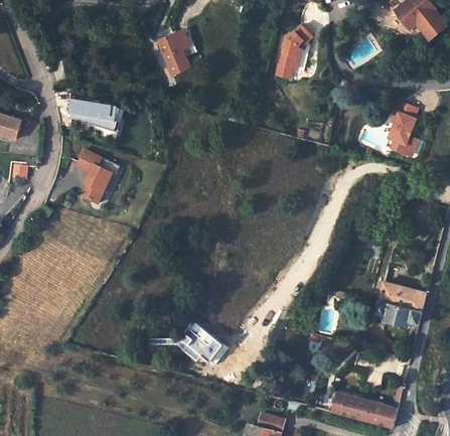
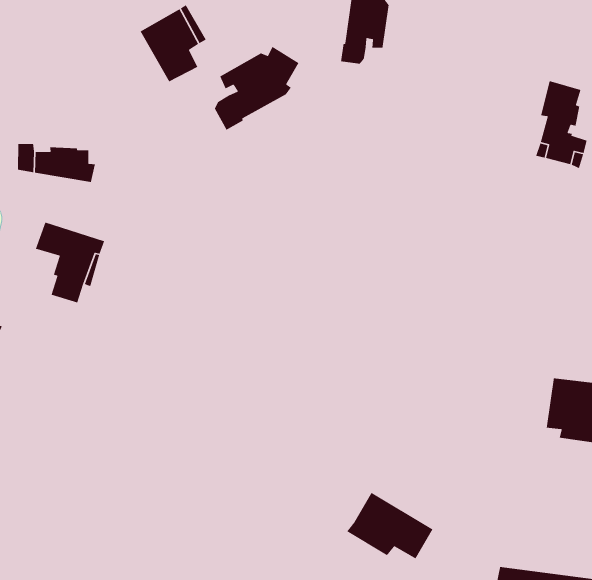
building: none -> [214,46,300,131]
building: [172,320,226,365] -> [346,492,434,559]

